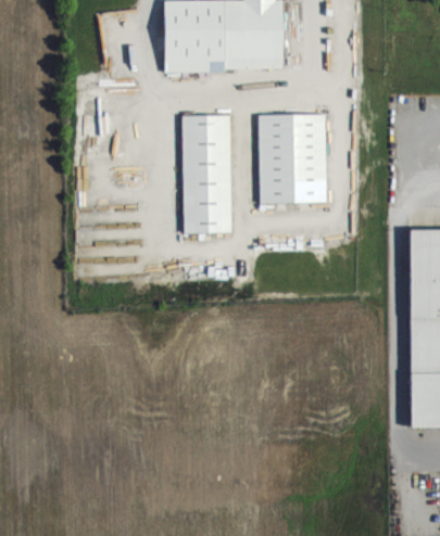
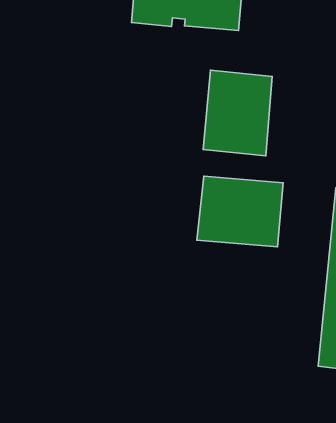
building: [180,114,232,233] -> none
building: none -> [197,176,283,247]

